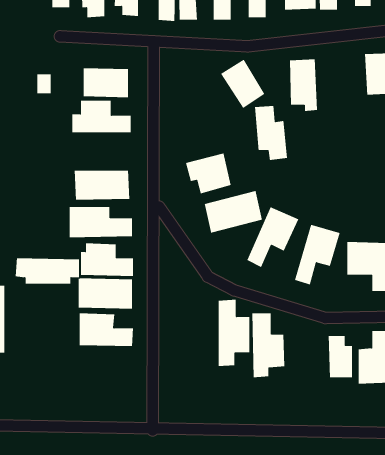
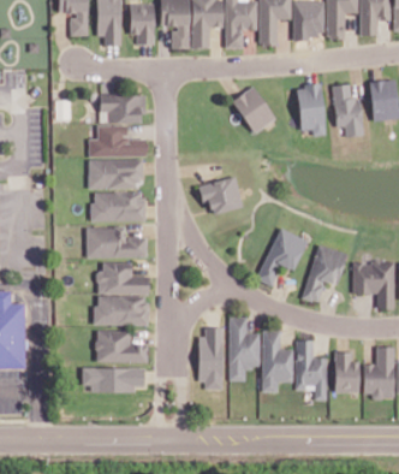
building: [254,106,288,161] -> [332,84,364,137]
building: none -> [88,159,141,189]
building: [204,190,263,233] -> none
building: [15,258,80,284] -> [82,367,144,392]
building: none -> [200,327,224,390]
building: none -> [296,340,328,401]

